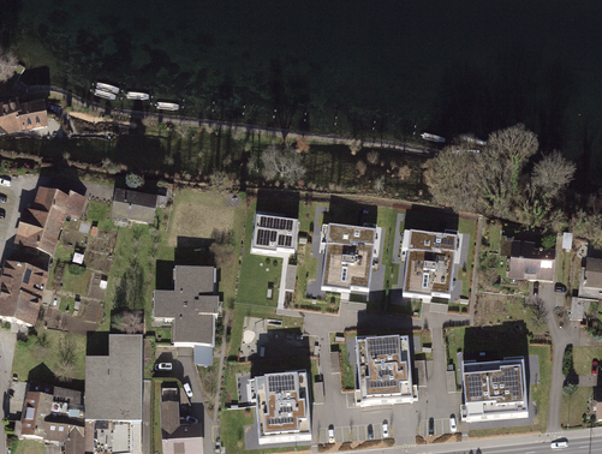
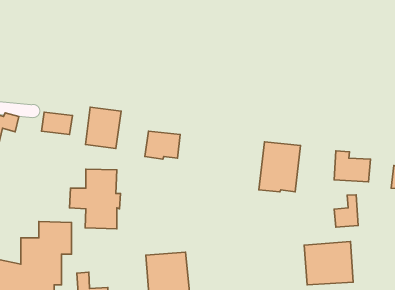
building: none -> [86,107,121,148]
building: [318,221,375,288] -> none
building: none -> [334,195,358,227]
building: [353,337,411,404] -> none

